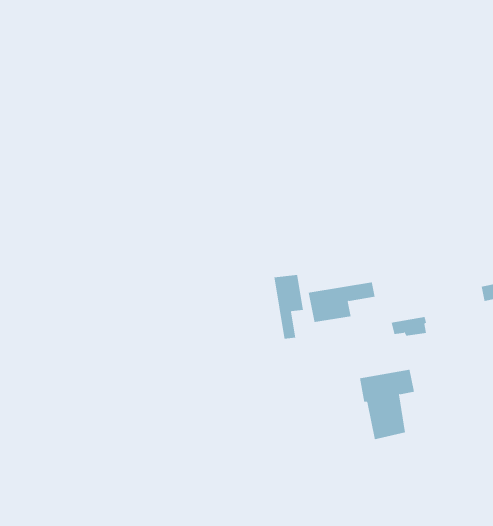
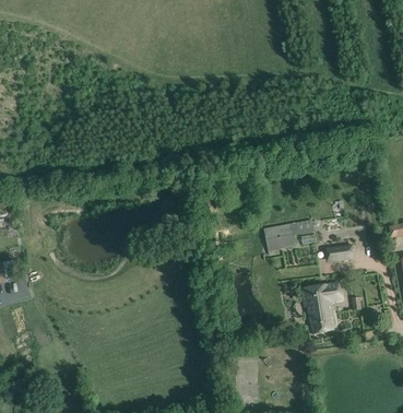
building: [274,274,304,340] -> none

